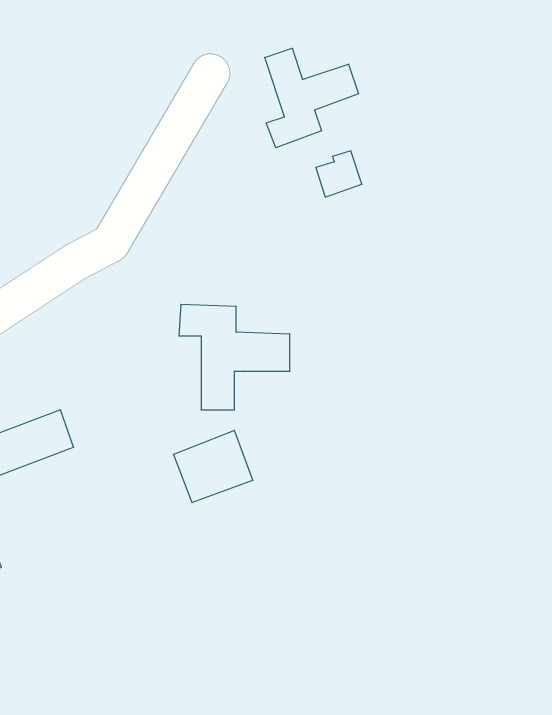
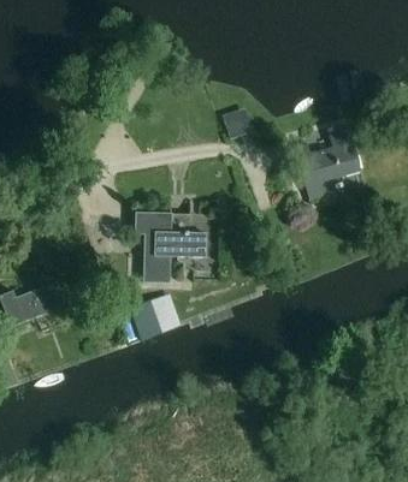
building: [265,48,359,148] -> none
building: none -> [296,120,360,197]

